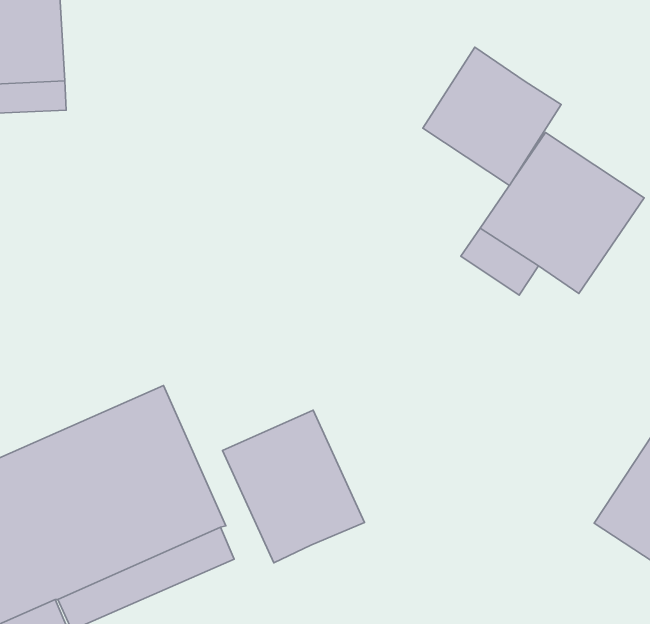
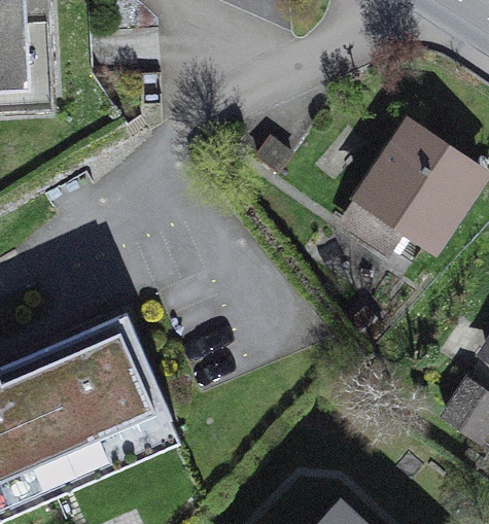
building: [423,47,561,186] -> none
building: [222,410,364,563] -> none

